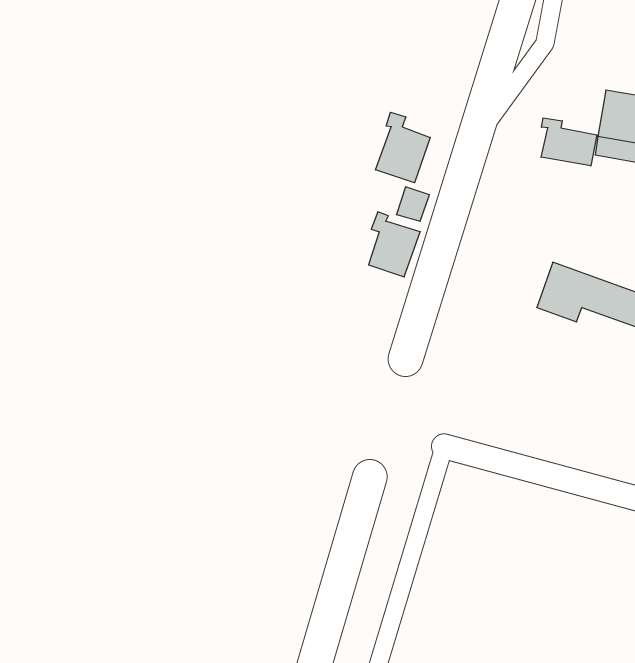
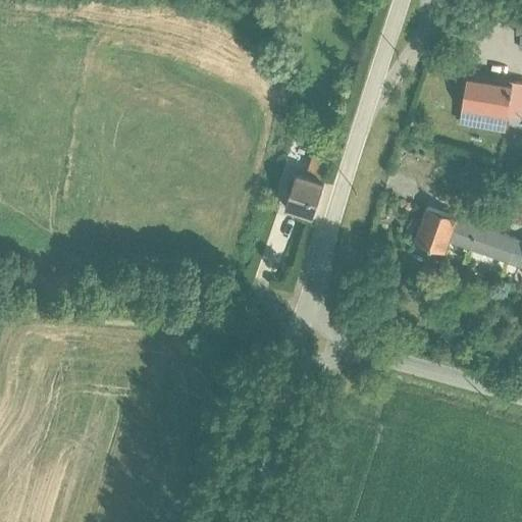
building: [376,112,430,183] -> none
building: [541,118,597,166] -> none

